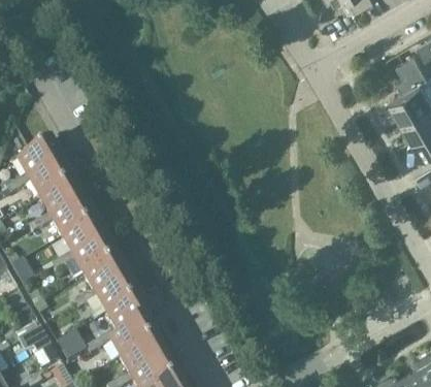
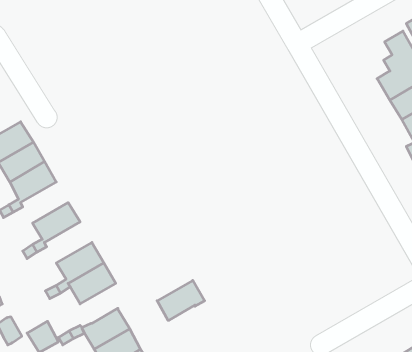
building: [49,200,95,239] -> none
building: [72,238,118,278] -> none
building: [106,297,152,335] -> [157,280,205,320]

